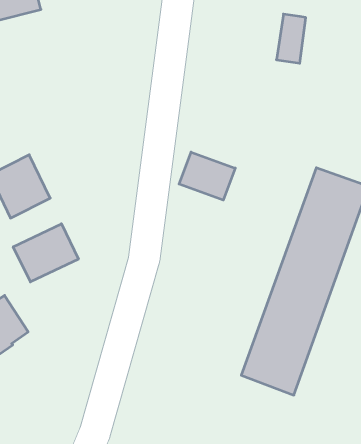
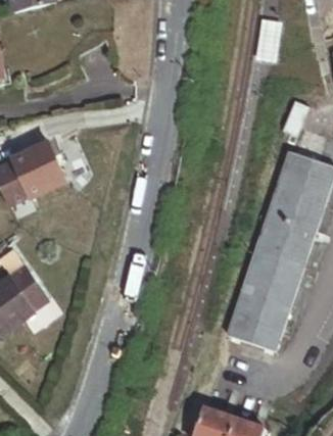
building: [179,152,235,200] -> none
building: [13,224,78,282] -> none

